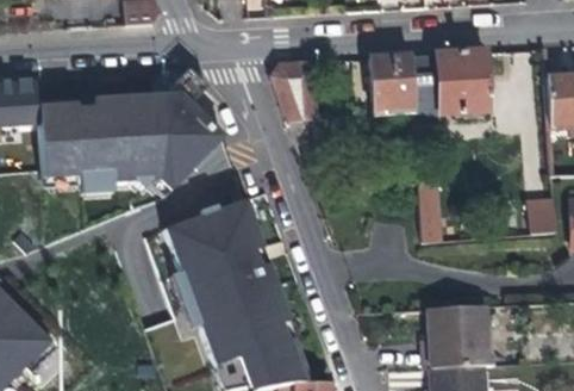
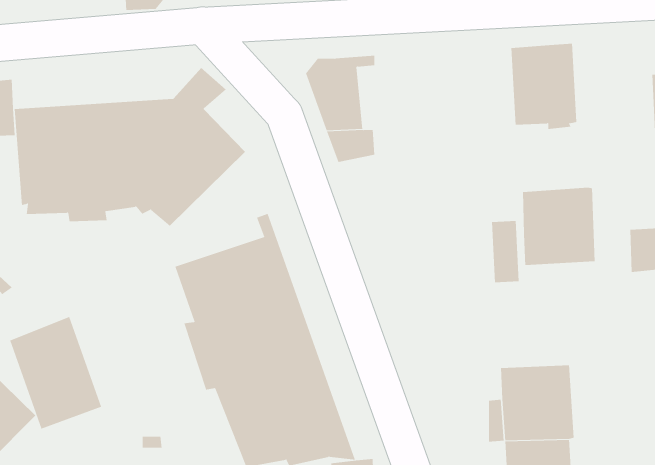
building: [372,54,416,114] -> none
building: none -> [522,187,595,266]
building: none -> [10,316,102,430]

